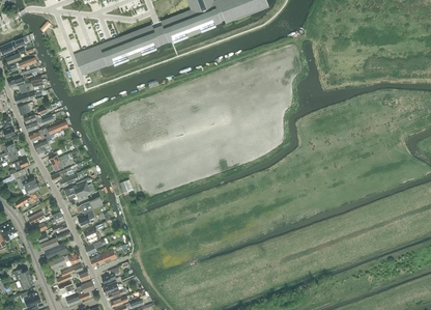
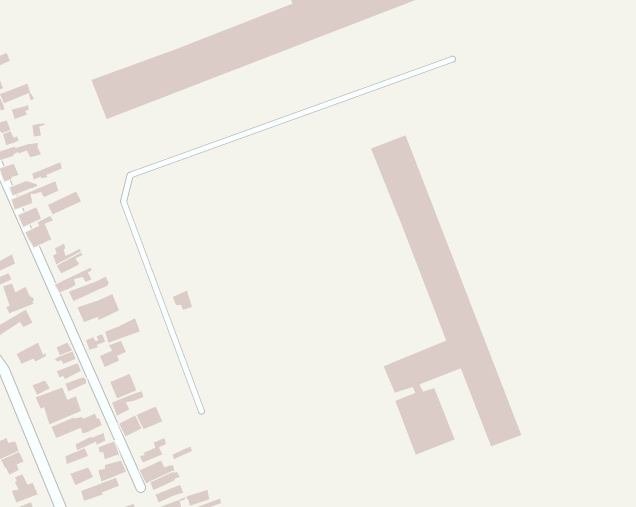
building: none -> [370,134,522,456]

